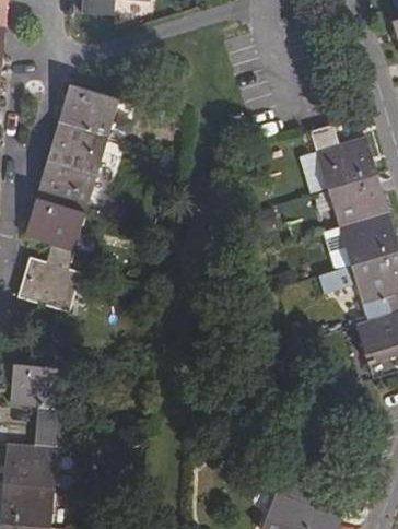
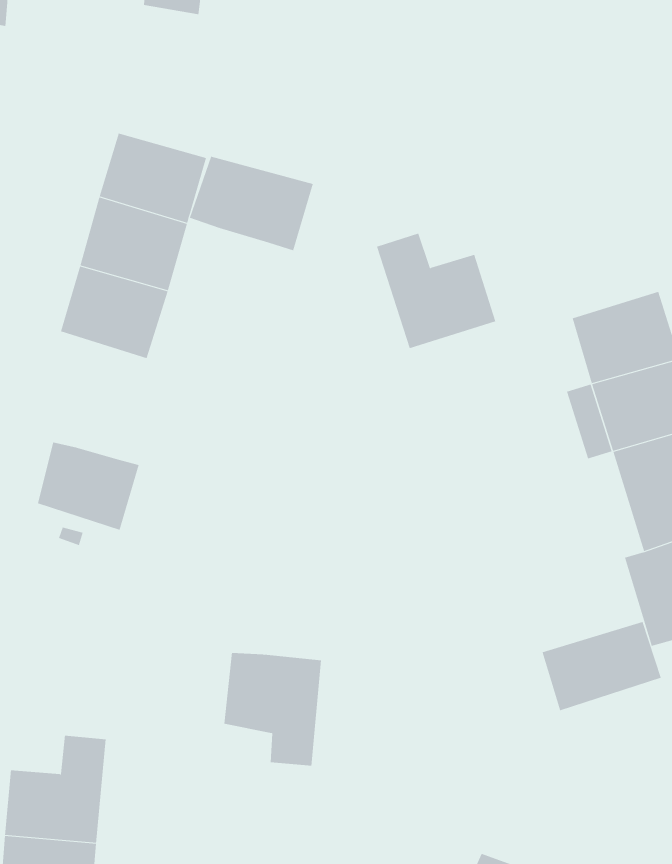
building: none -> [189,156,314,251]
building: [307,124,375,189] -> [376,233,496,349]
building: [24,197,85,269] -> none
building: none -> [542,621,661,711]
building: [12,363,68,427] -> [223,652,322,766]

